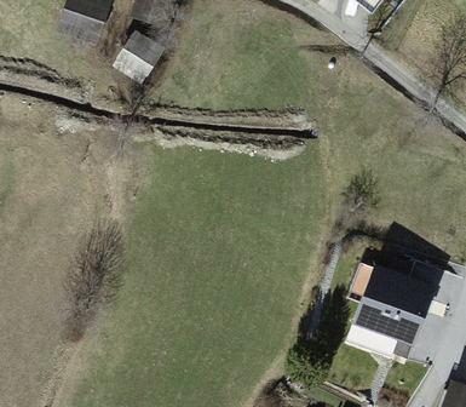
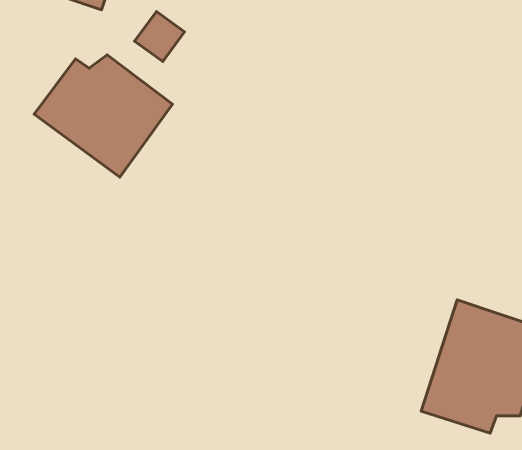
building: none -> [34,55,172,177]

